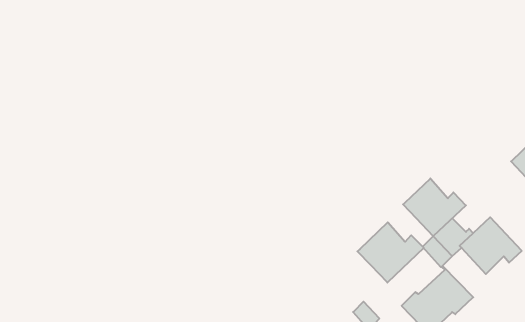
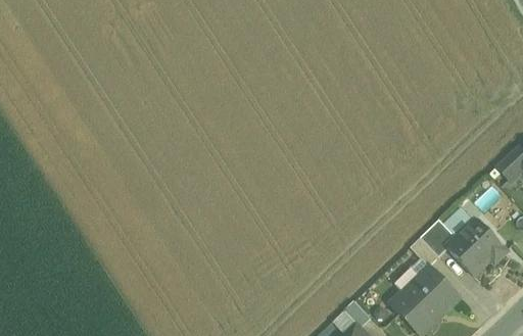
building: [403,178,466,236] -> none
building: [357,222,424,283] -> none

